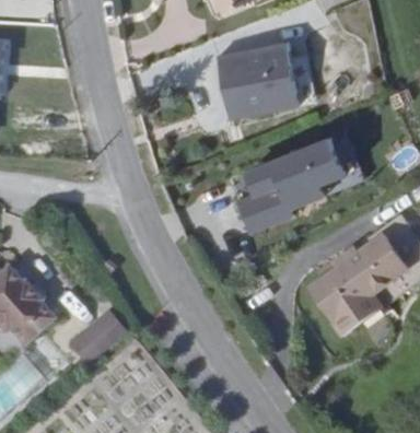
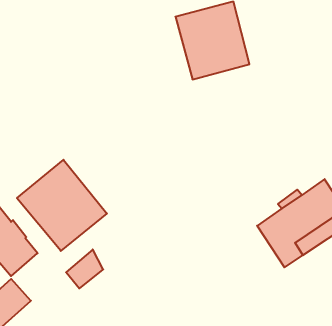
building: [236,124,366,222] -> none
building: none -> [17,160,107,251]

